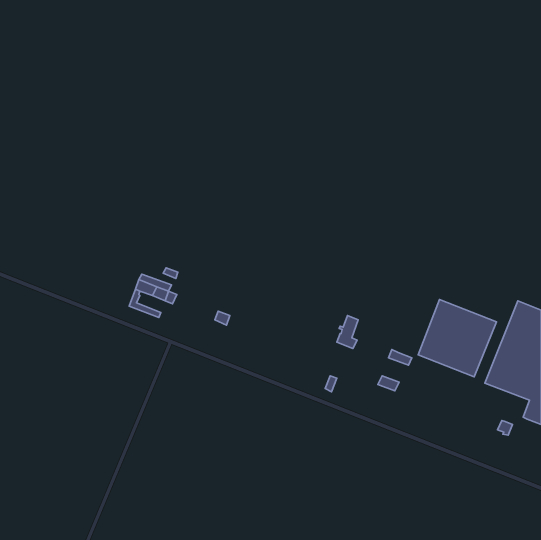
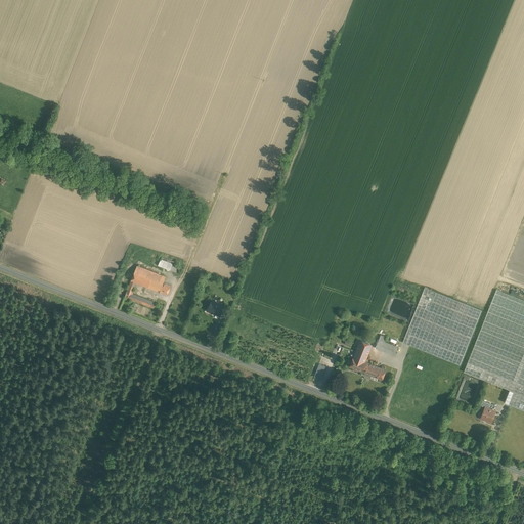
building: [337,316,358,348] -> [350,340,370,372]

